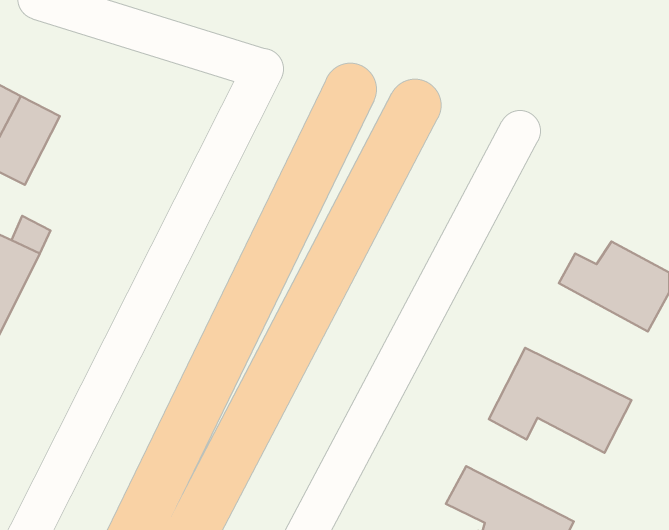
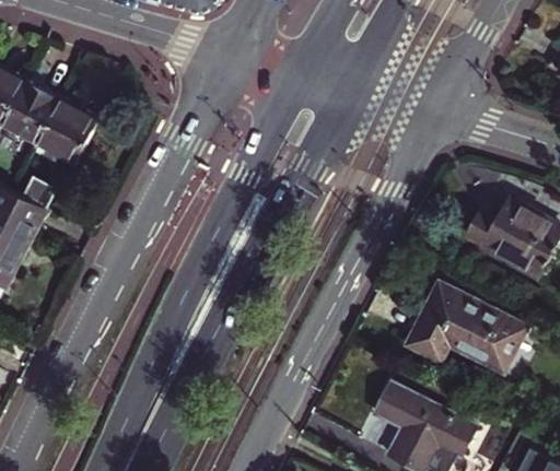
building: none -> [32,97,101,166]

